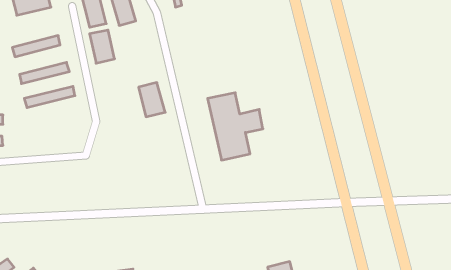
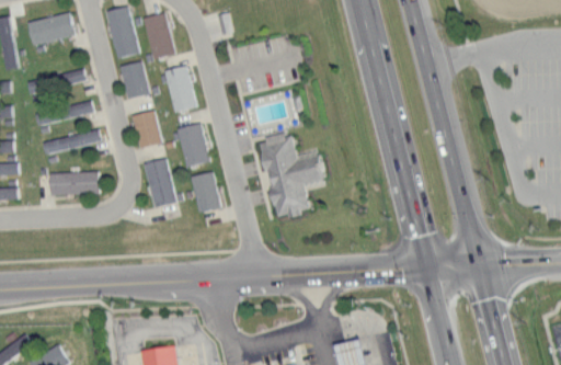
building: none -> [167,68,194,113]
building: none -> [133,111,163,150]
building: none -> [146,160,178,208]
building: none -> [192,171,225,215]
building: none -> [50,173,99,196]

